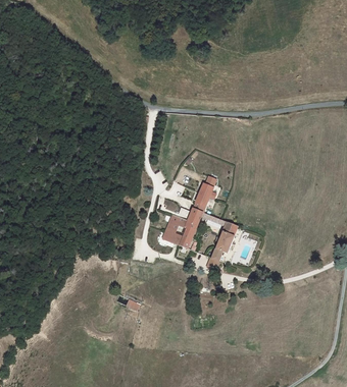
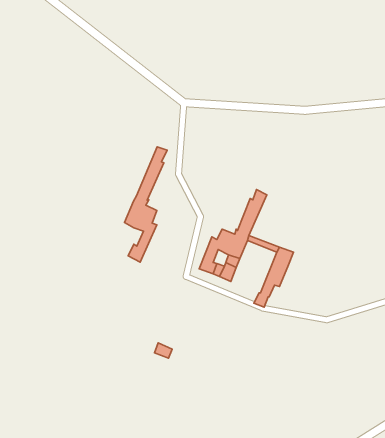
building: none -> [124,147,167,262]

